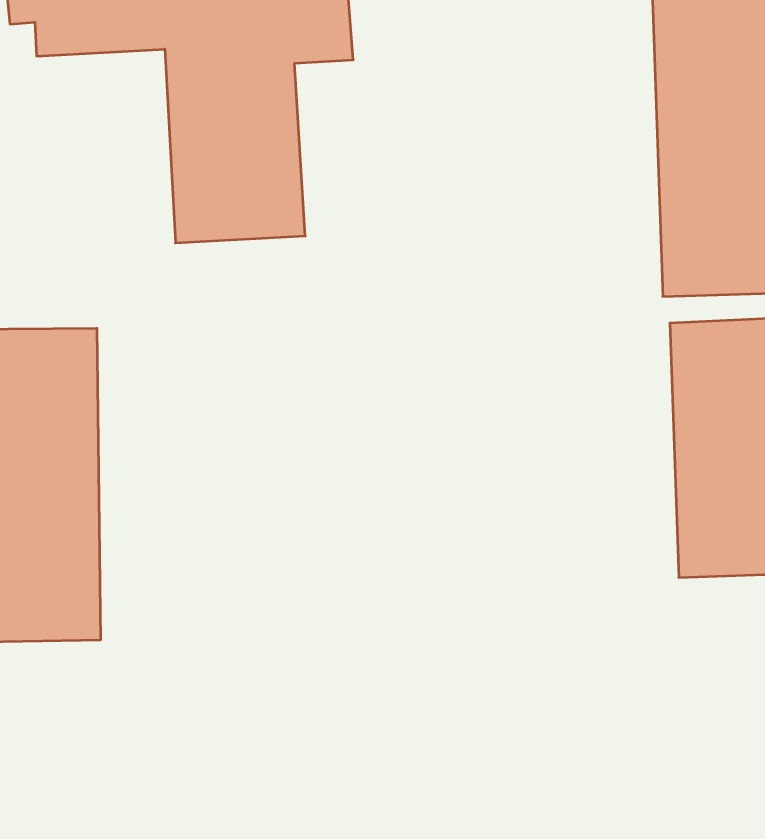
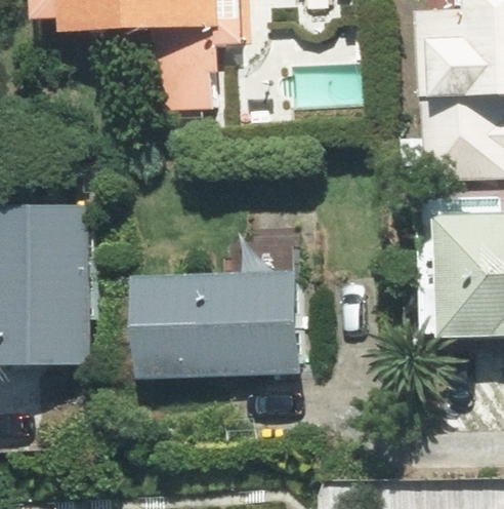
building: none -> [138,269,304,378]

